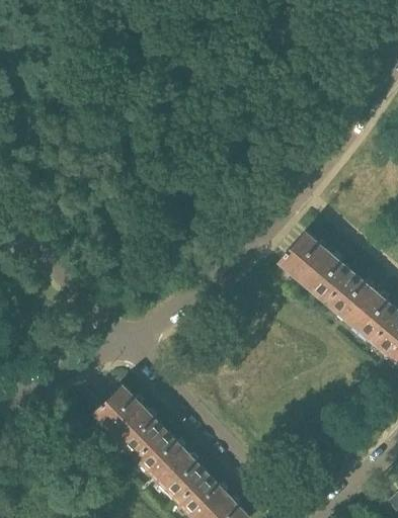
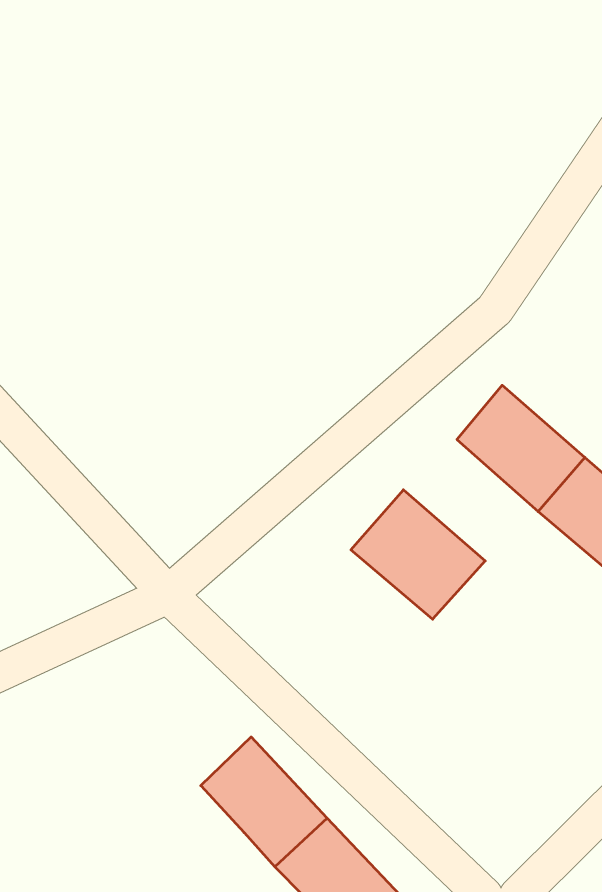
building: none -> [351,490,485,619]
building: [93,384,164,456] -> none

